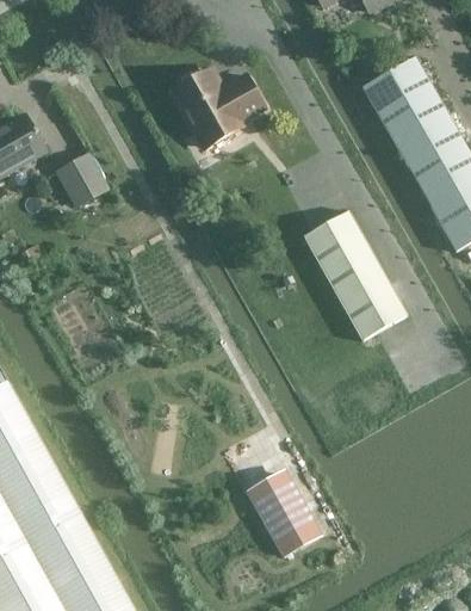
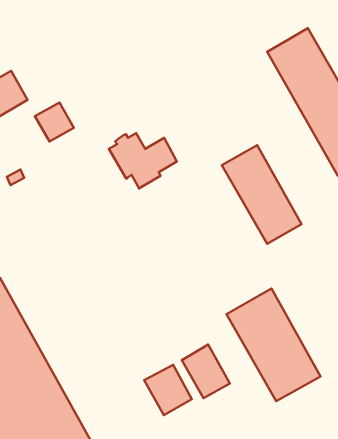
building: [174,72,264,144] -> [109,133,177,189]
building: none -> [227,289,320,401]
building: none -> [144,365,192,415]

